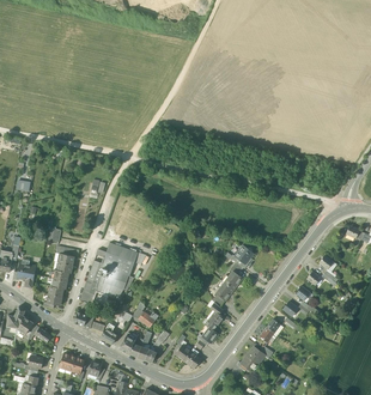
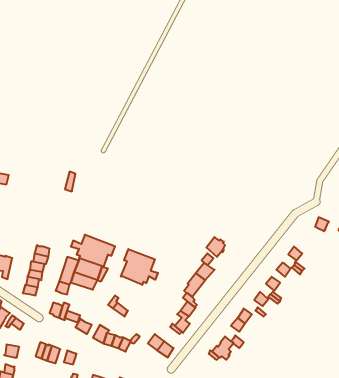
building: none -> [121,249,158,285]

